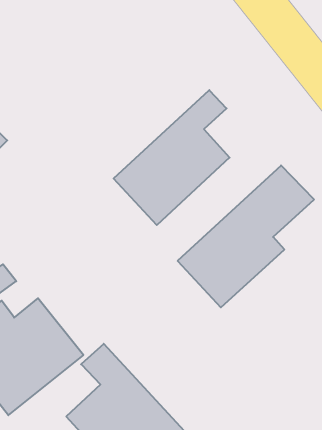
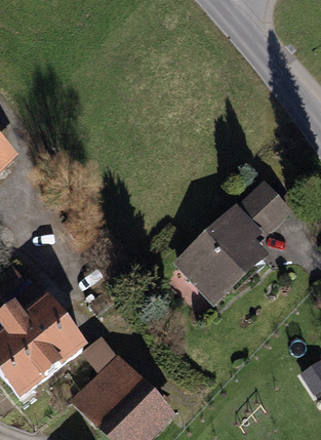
building: [114,90,230,225] -> none

